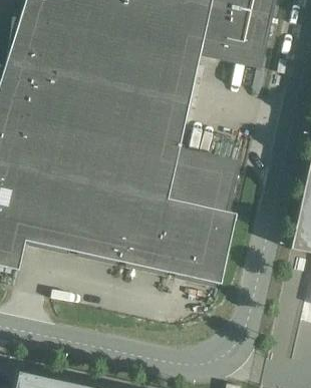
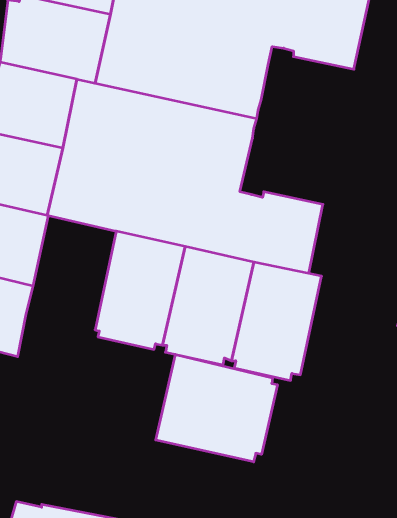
building: [25,171,89,256] -> none
building: none -> [156,354,277,462]

